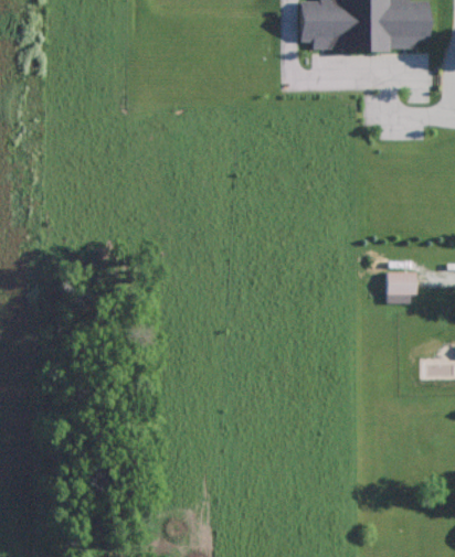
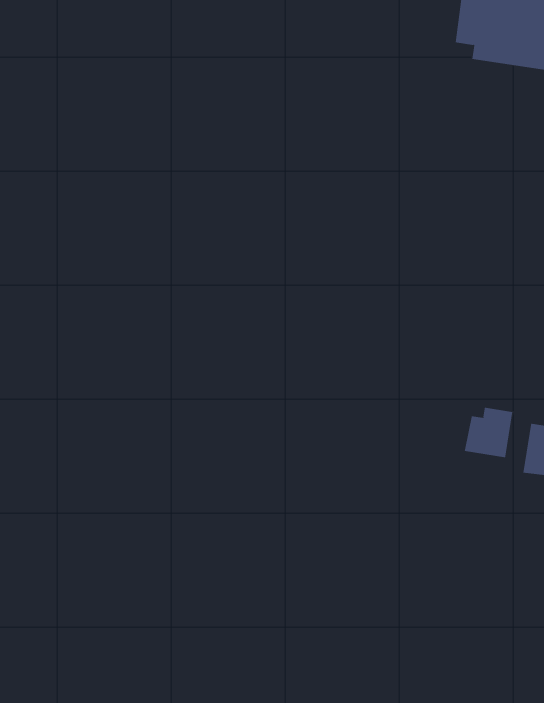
building: none -> [464,407,513,458]

